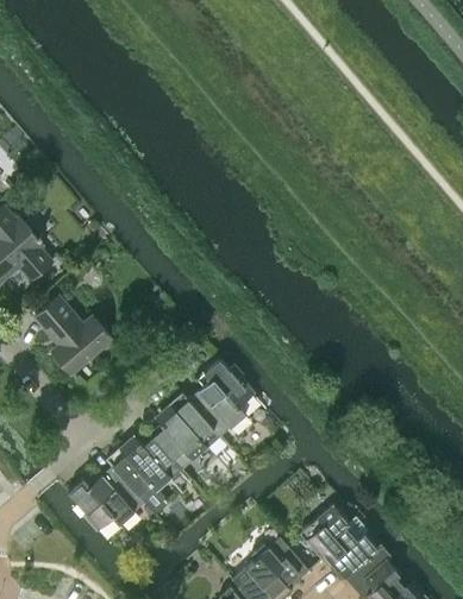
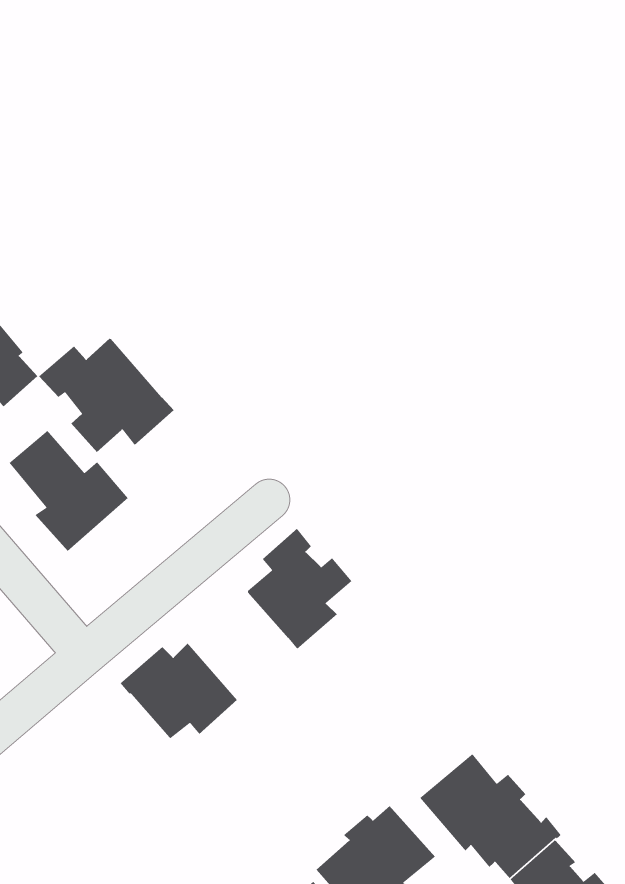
building: none -> [38,338,175,453]
building: [150,393,220,471] -> none
building: [68,467,145,532] -> none

